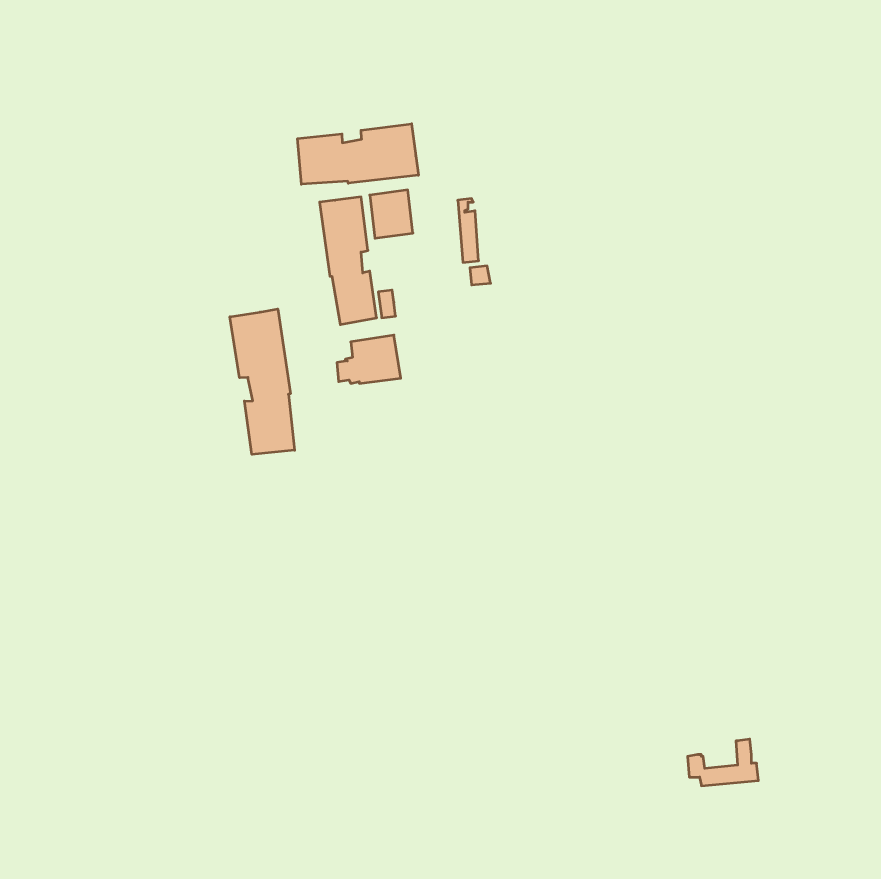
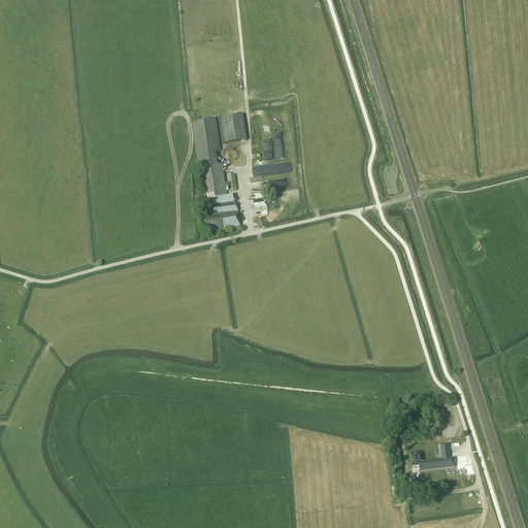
building: [298,124,418,184] -> none
building: [230,309,295,454] -> none

